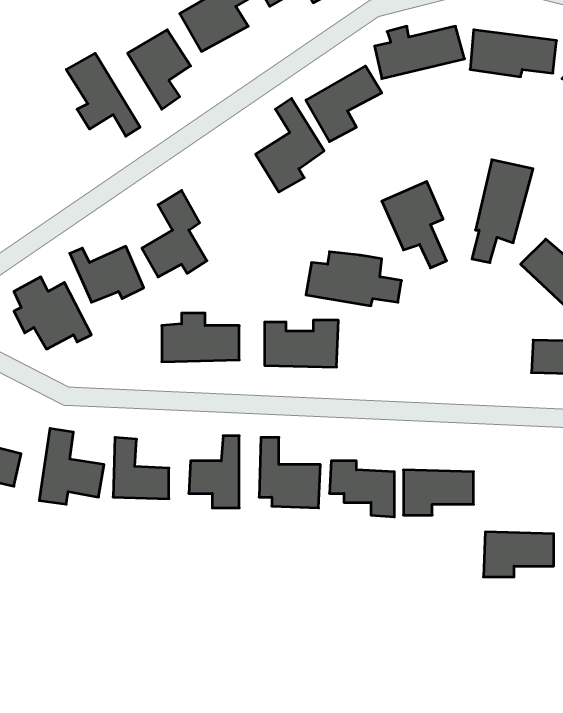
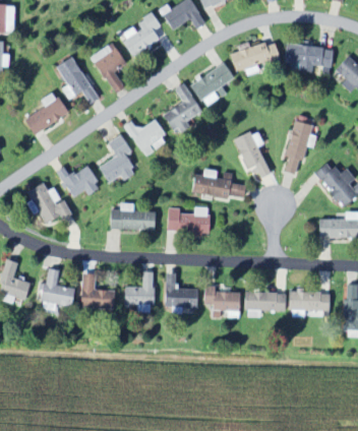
building: none -> [24,93,67,135]
building: none -> [123,118,168,158]
building: [483,532,554,577] -> [289,292,329,317]

